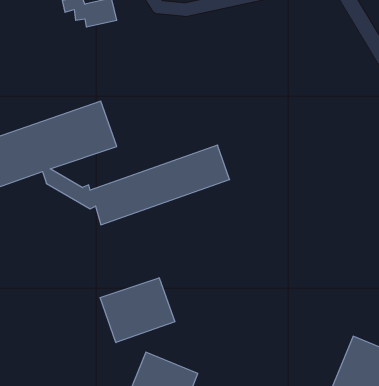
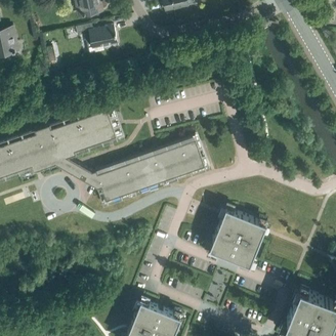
building: none -> [209,207,265,263]
building: [100,278,175,343] -> none

